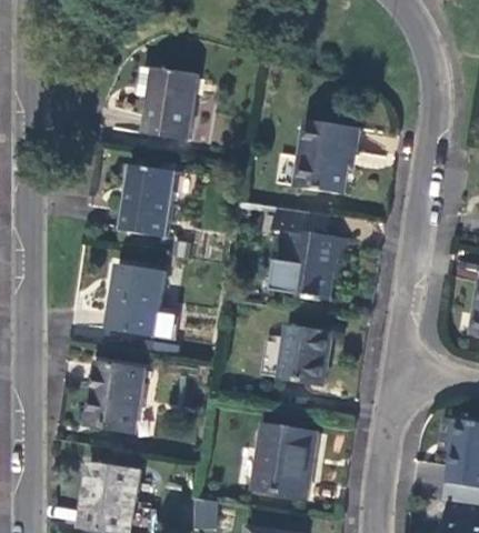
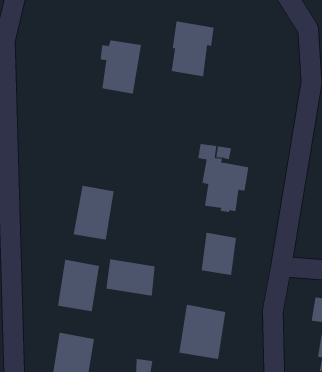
building: [301,119,360,194] -> [171,21,214,77]
building: [122,161,179,235] -> none
building: none -> [106,259,155,297]

